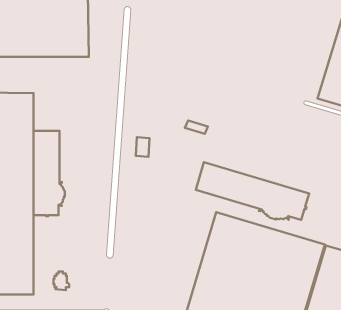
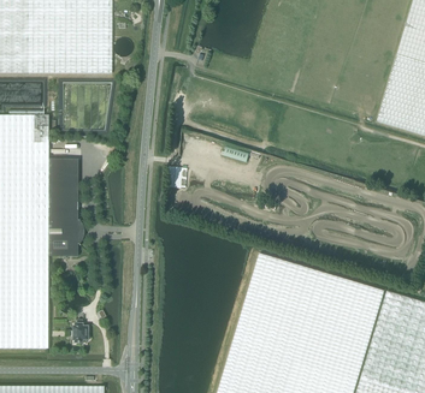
building: [196,162,309,220] -> none

